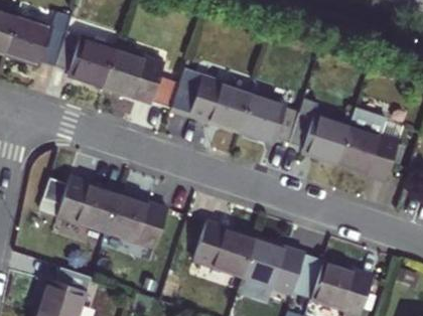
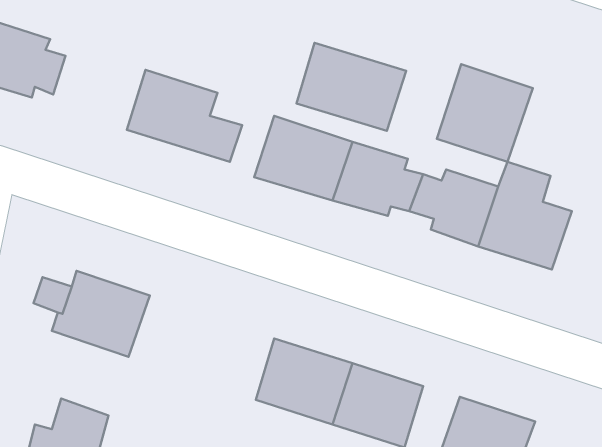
building: none -> [297,43,406,131]
building: [56,35,117,87] -> none
building: none -> [437,64,533,162]
building: [106,195,166,252] -> none

